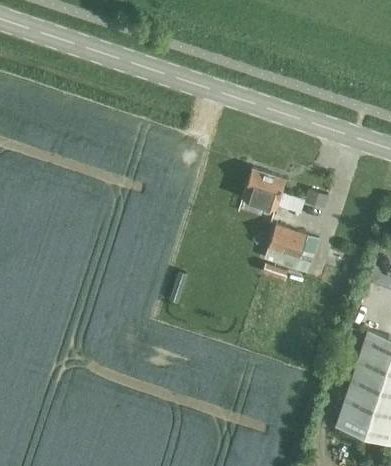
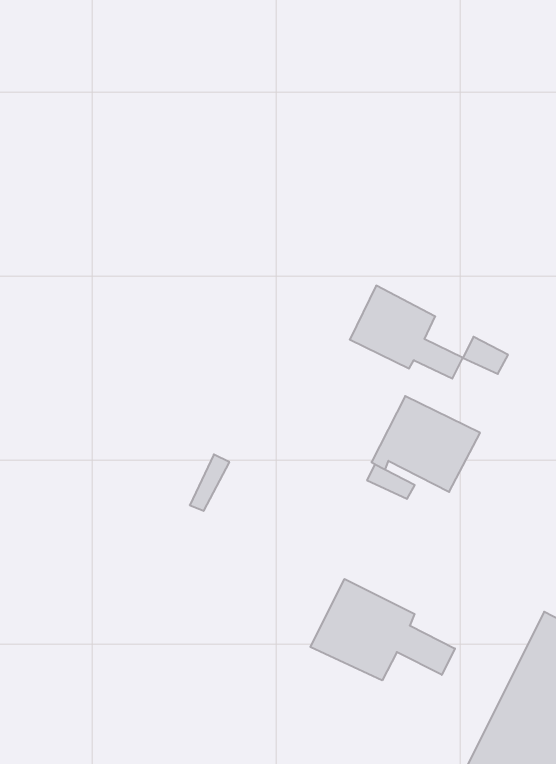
building: none -> [310,579,455,680]

